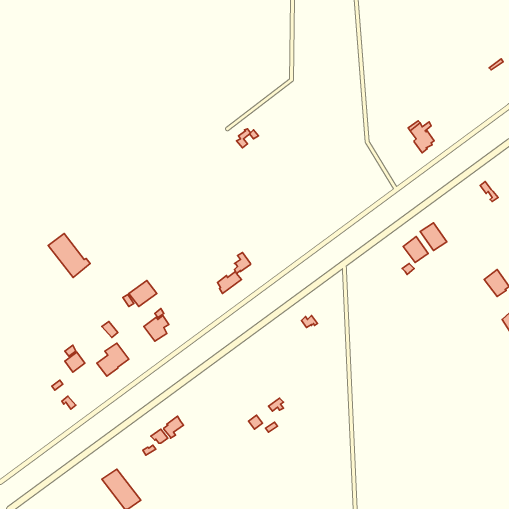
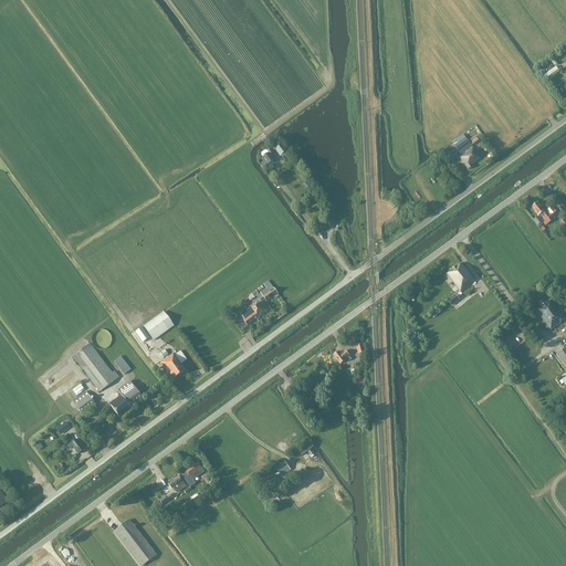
building: [420,223,447,251] -> none
building: [48,233,90,277] -> [73,343,119,391]

